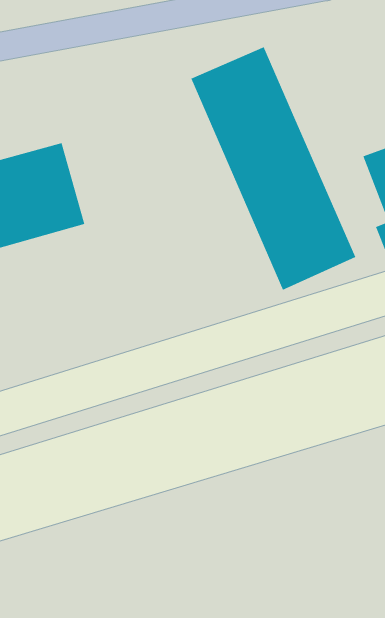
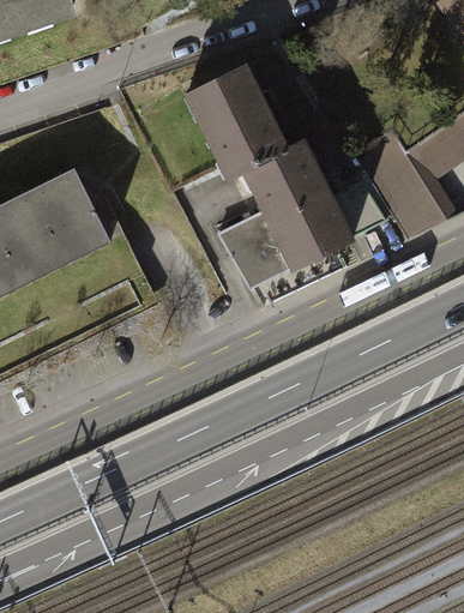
building: none -> [212,206,290,288]

